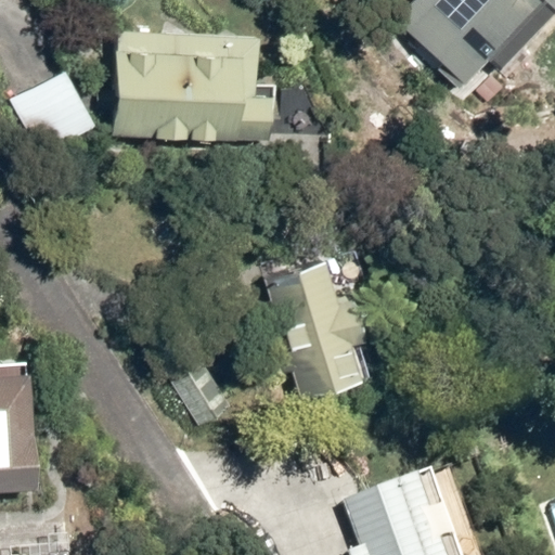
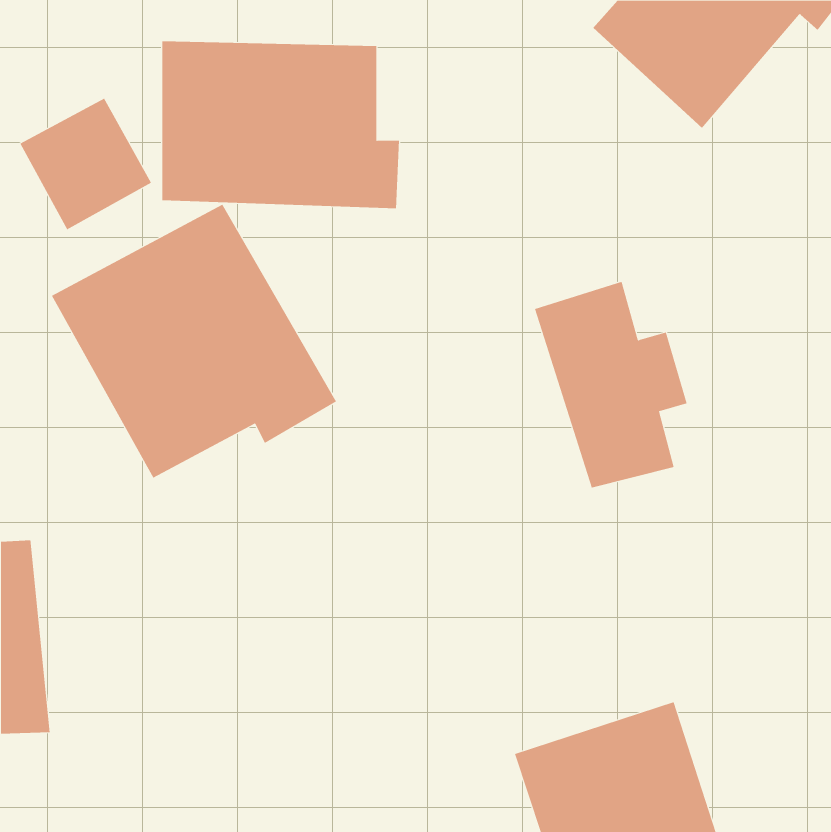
building: none -> [51,204,337,478]
building: [264,258,366,396] -> [534,281,688,488]

